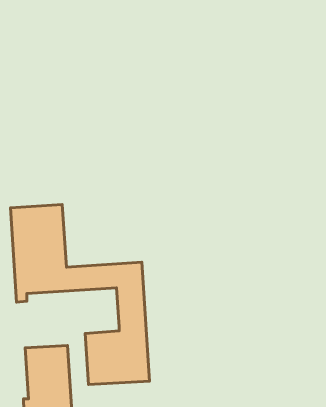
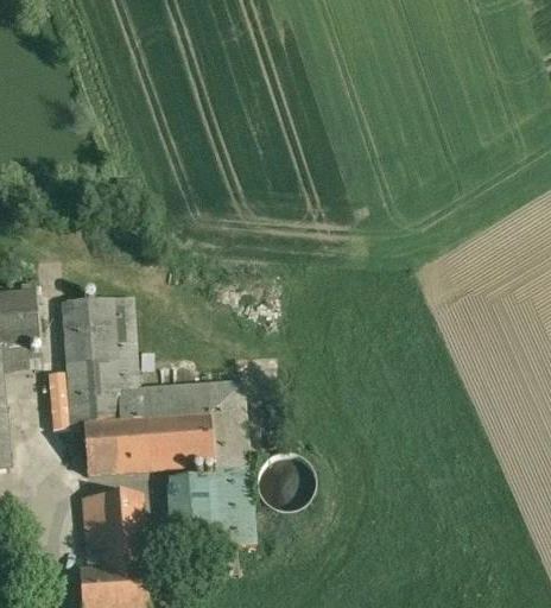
building: none -> [83,412,213,475]

